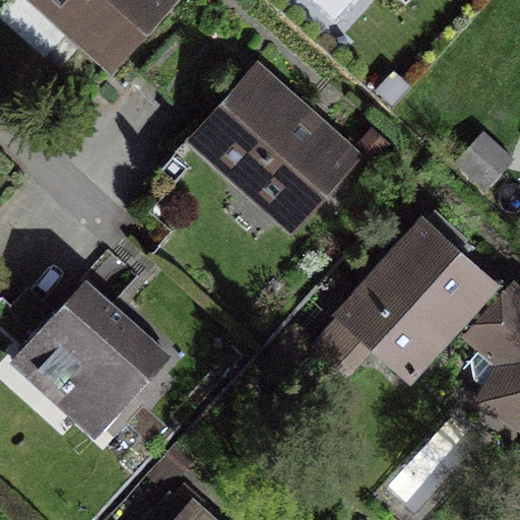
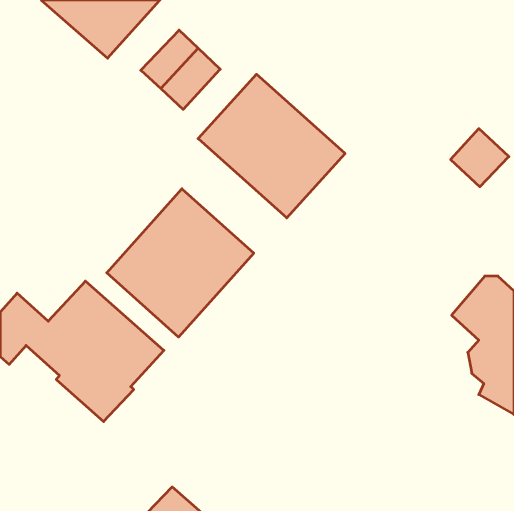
building: none -> [107,189,254,337]
building: [317,224,490,375] -> none

